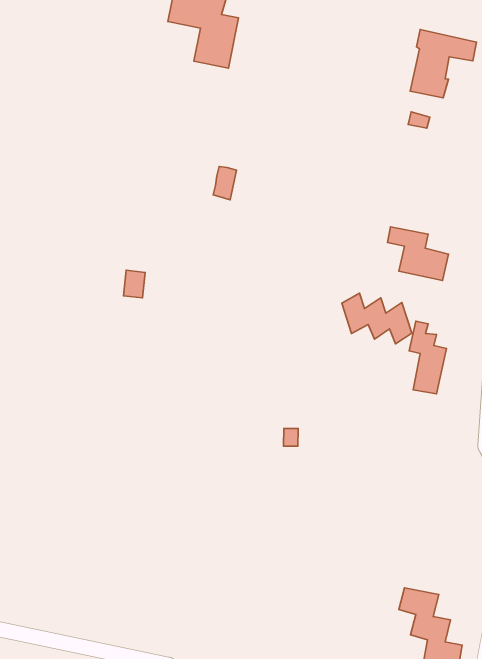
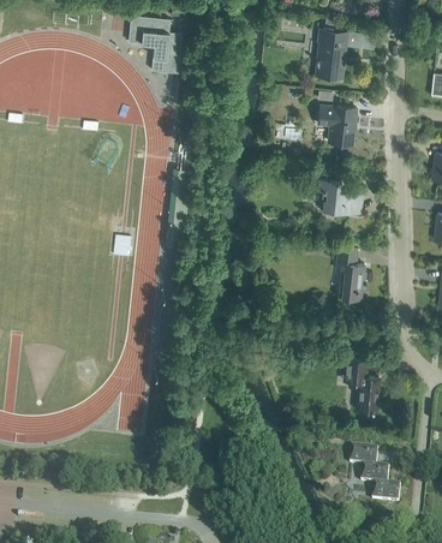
building: none -> [318,108,357,147]
building: [342,293,412,344] -> none
building: none -> [344,359,378,413]

